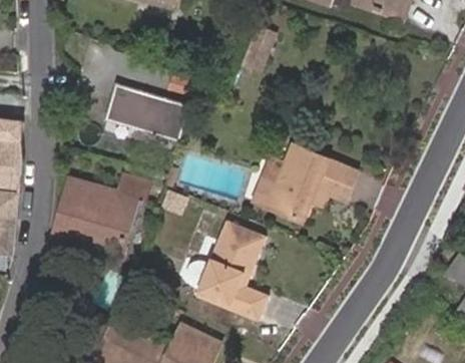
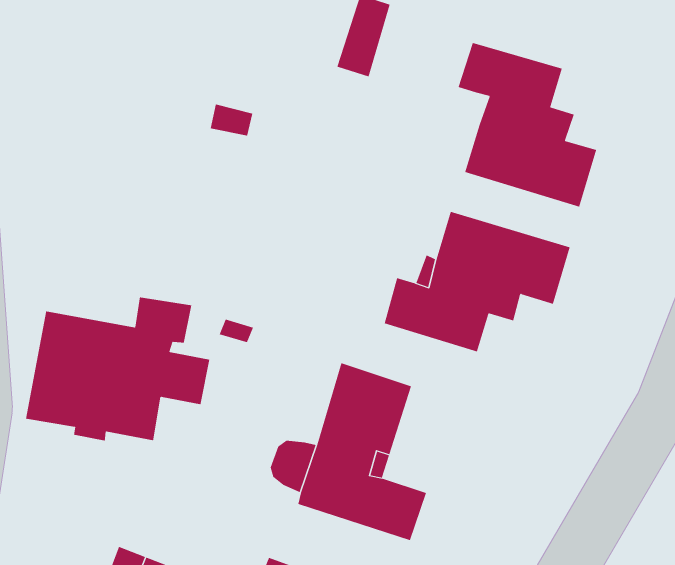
building: none -> [458,42,597,207]
building: [105,84,189,141] -> none

